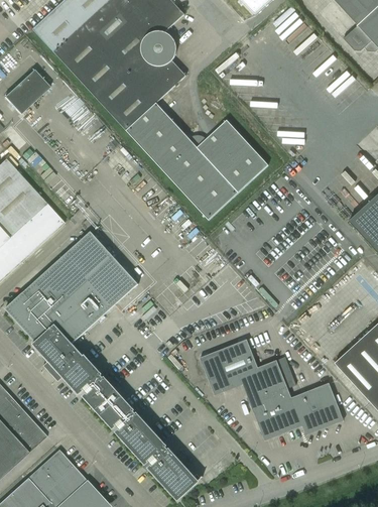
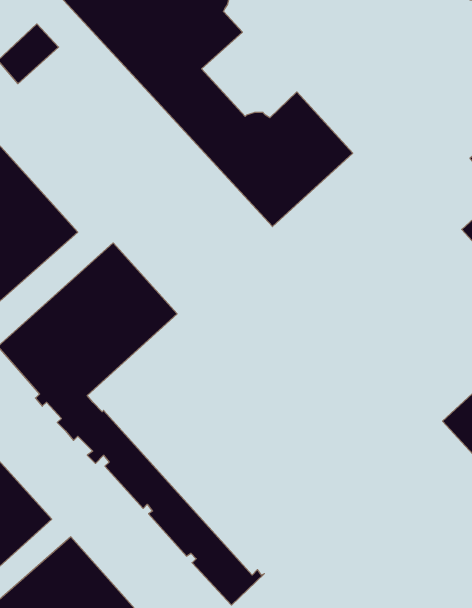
building: [200,339,344,440] -> none

